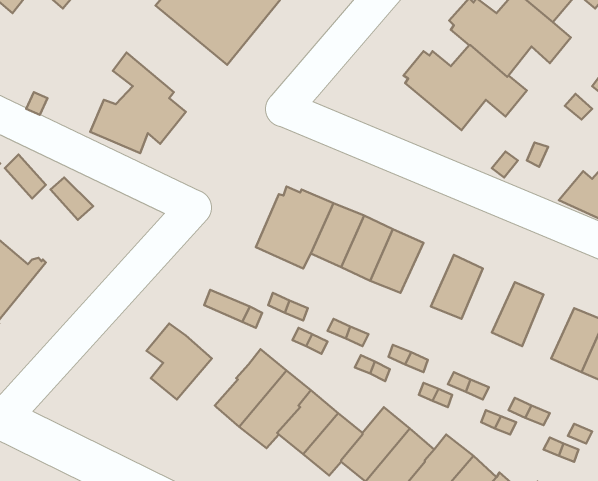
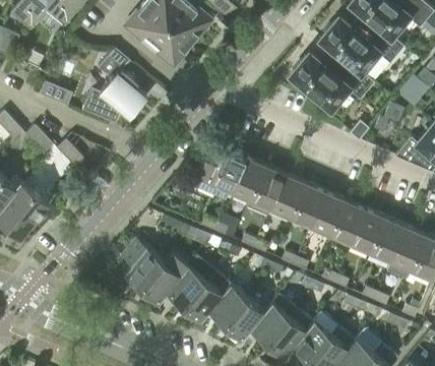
building: none -> [290,183,325,226]
building: none -> [330,200,366,243]
building: none -> [371,218,406,260]
building: none -> [140,250,188,302]

